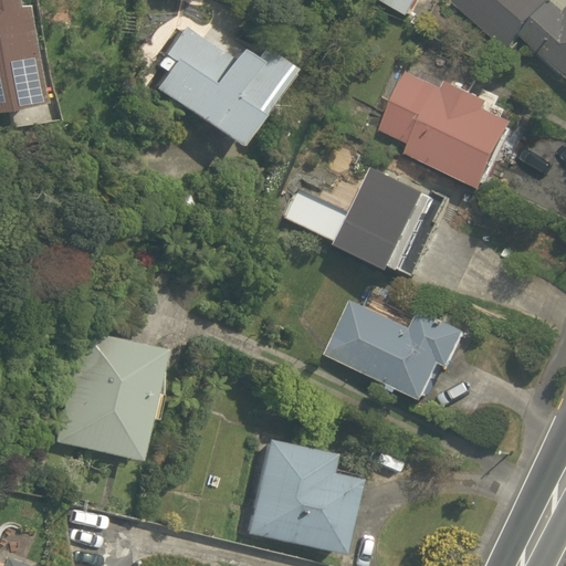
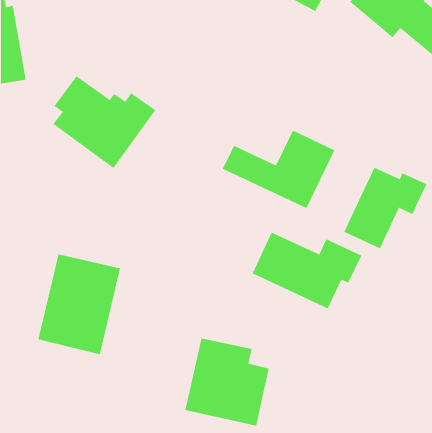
building: [154,27,289,148] -> [53,75,156,169]
building: [386,74,521,190] -> none
building: none -> [344,167,427,249]

